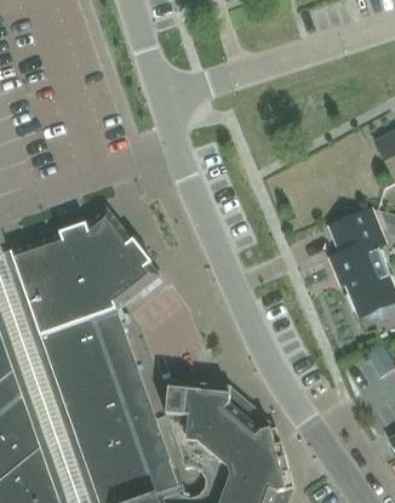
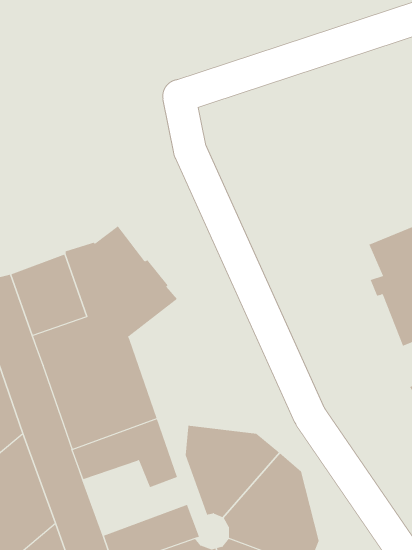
building: [75,419,168,486] -> none

